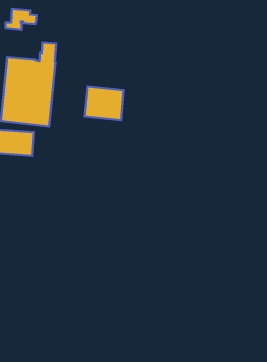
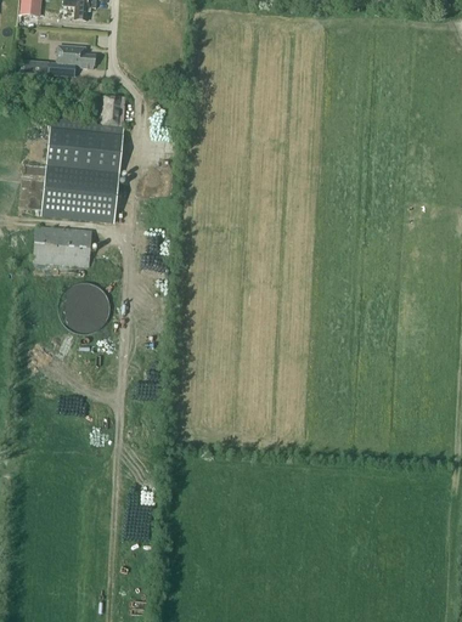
building: [85,87,123,120] -> none
building: none -> [57,281,109,333]

